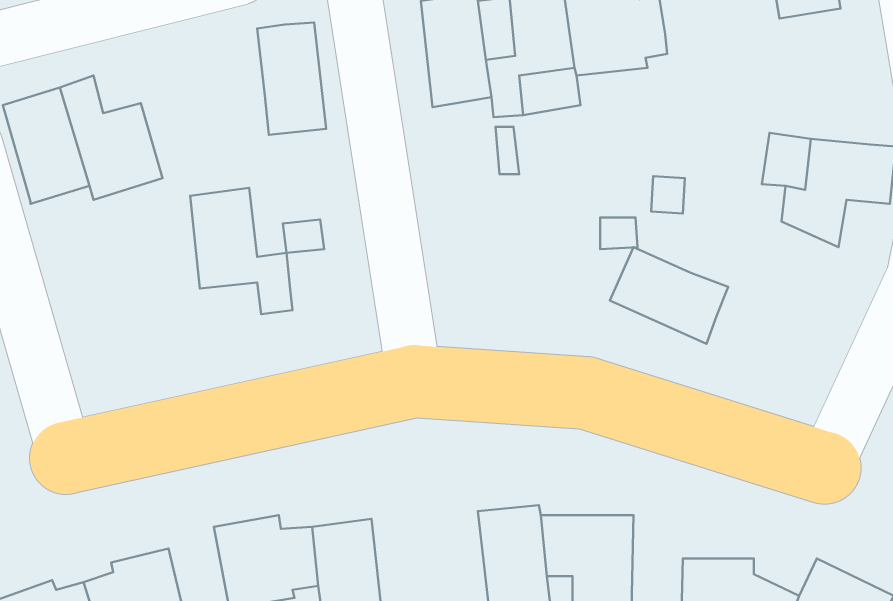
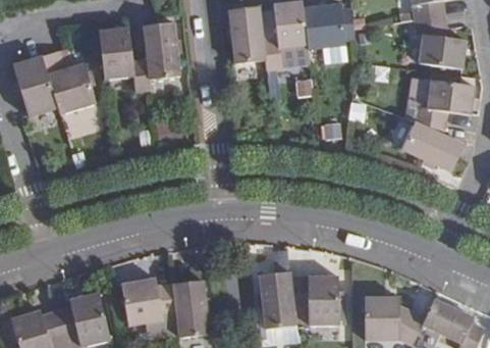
building: none -> [415,14,466,68]
building: [190,188,293,314] -> [99,26,152,91]
building: [610,247,728,344] -> [403,125,465,175]

